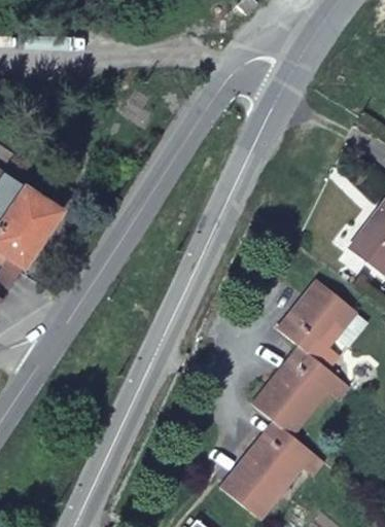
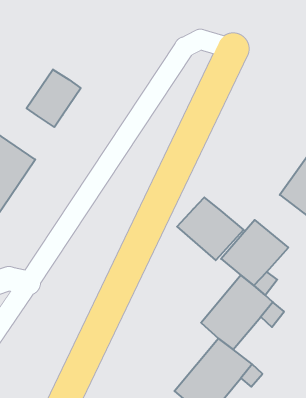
building: none -> [27,69,81,127]
building: none -> [177,197,244,260]

